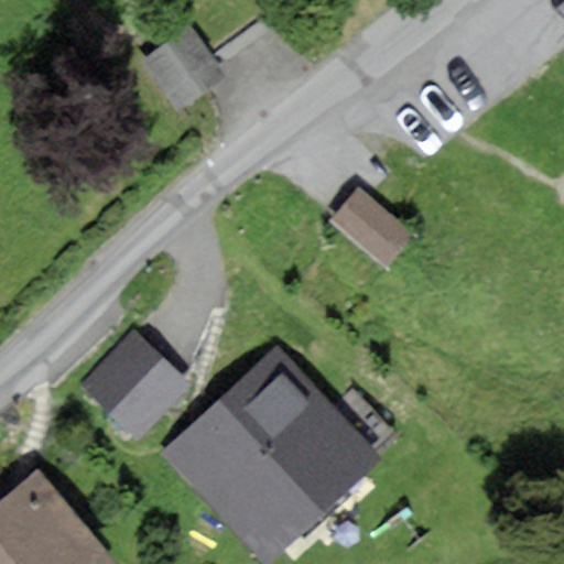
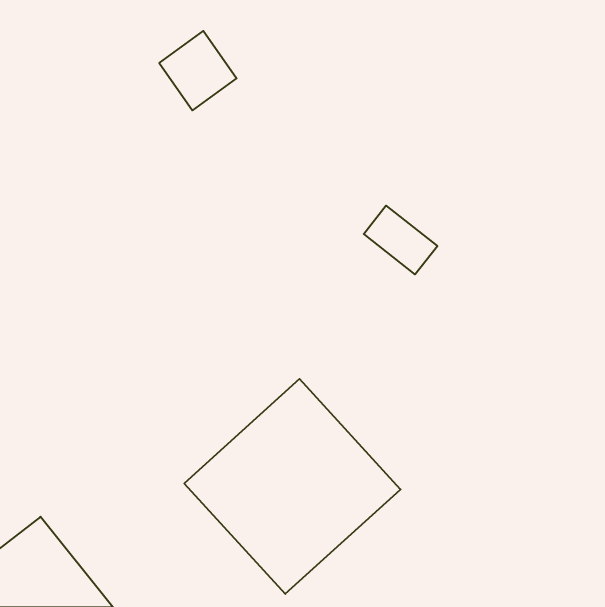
building: [89,335,181,426] -> none

